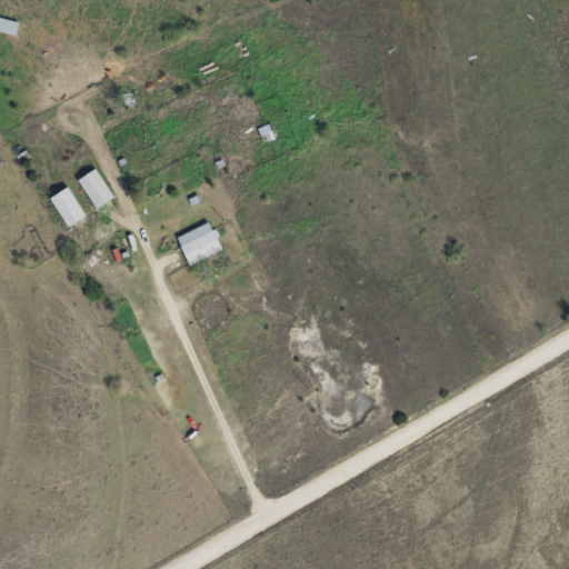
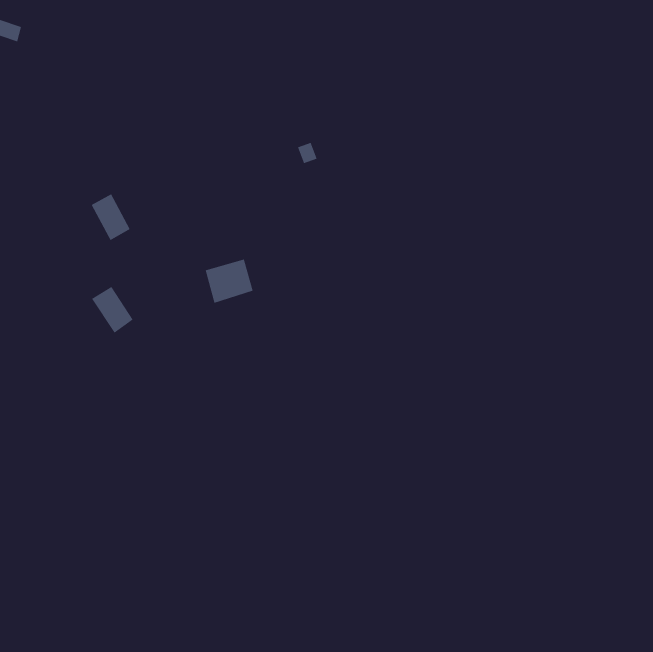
building: [49,187,86,228] -> [91,286,133,333]

